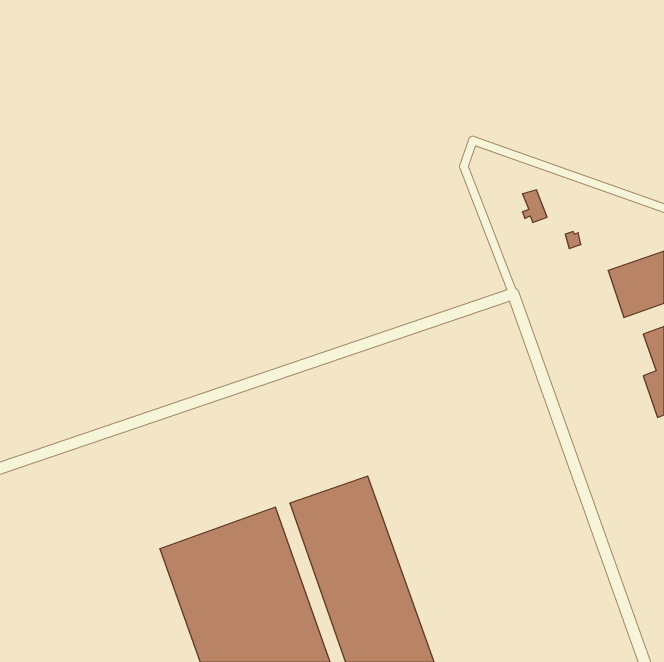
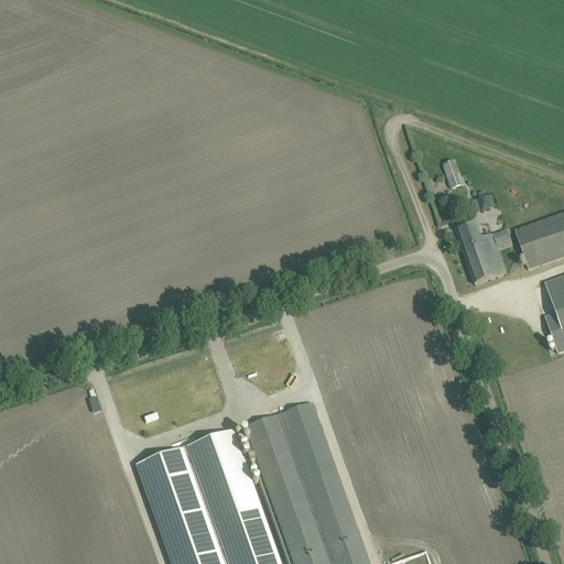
building: none -> [456,225,512,285]

